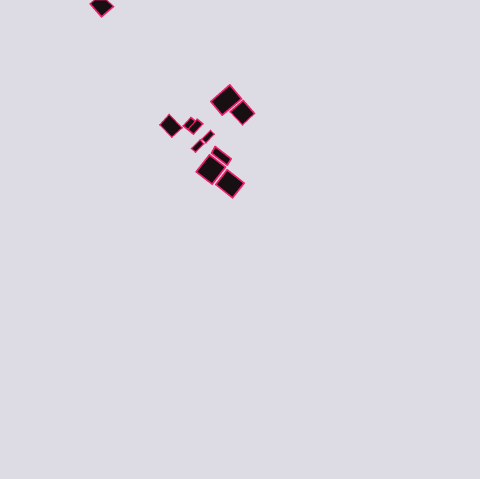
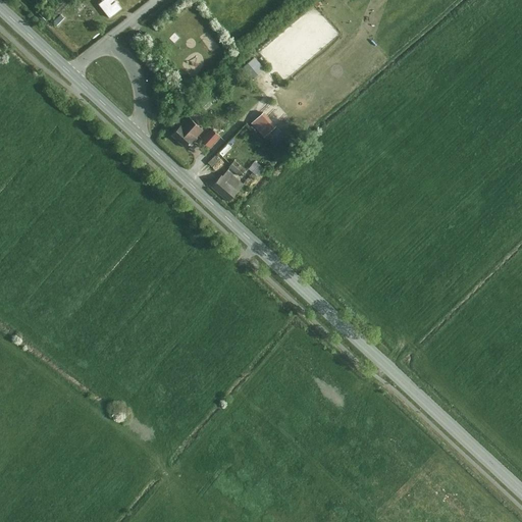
building: [211,85,241,115] -> none
building: [216,170,244,198] -> none

